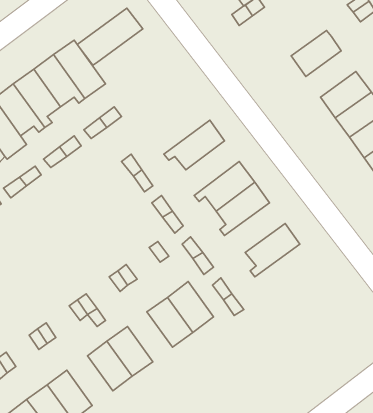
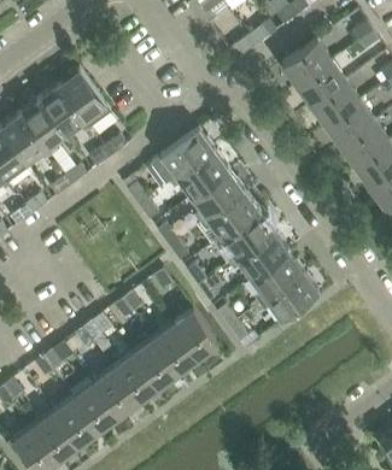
building: [77,8,143,65] -> [150,127,215,183]
building: none -> [281,39,330,83]
building: none -> [310,78,359,124]
building: none -> [191,168,244,222]
building: none -> [229,229,289,278]
building: none -> [259,270,320,319]
building: none -> [133,337,177,387]
building: none -> [72,381,118,430]

